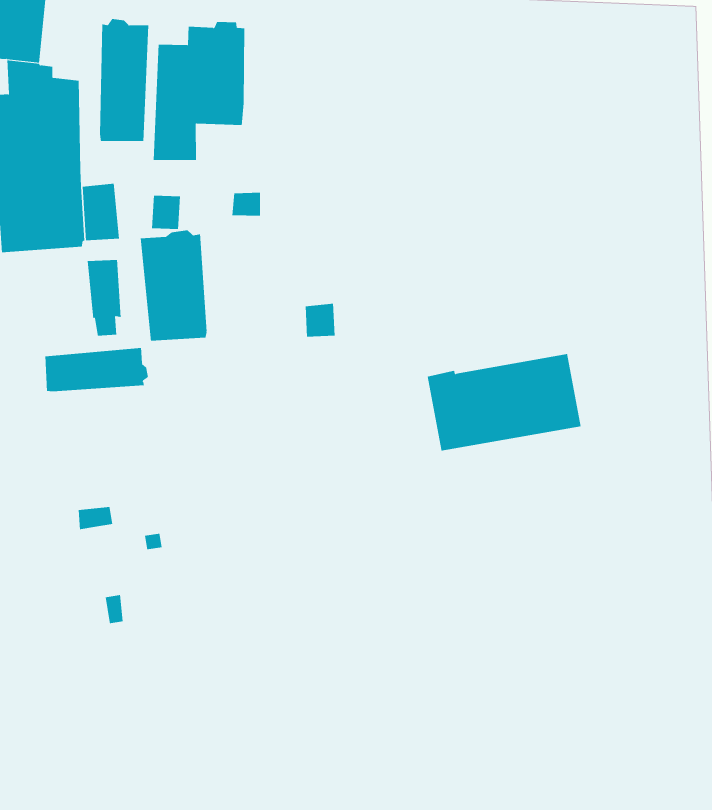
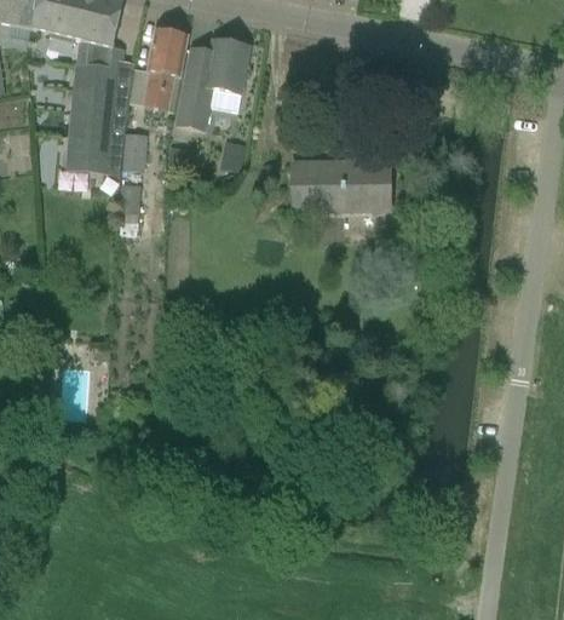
building: [140,229,207,341] -> none
building: [45,347,148,392] -> none
building: [427,354,581,451] -> [292,160,389,212]

